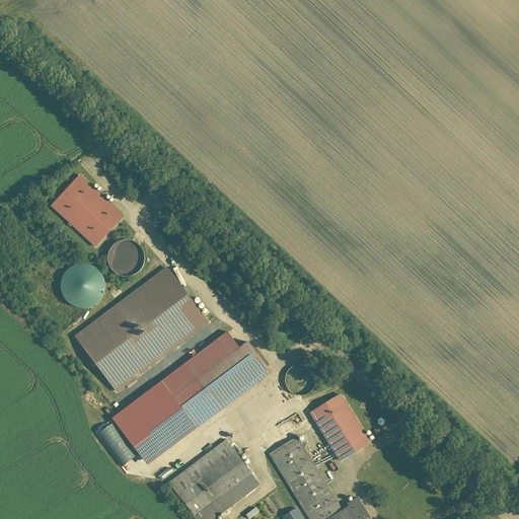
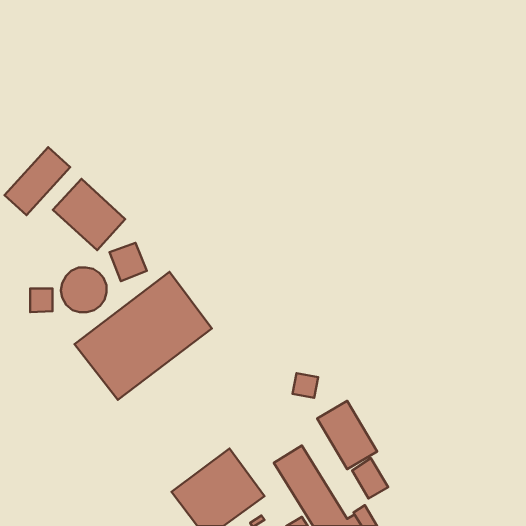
building: none -> [4,147,70,215]
building: none -> [30,288,53,312]
building: [112,329,273,465] -> none
building: none -> [352,458,388,499]

